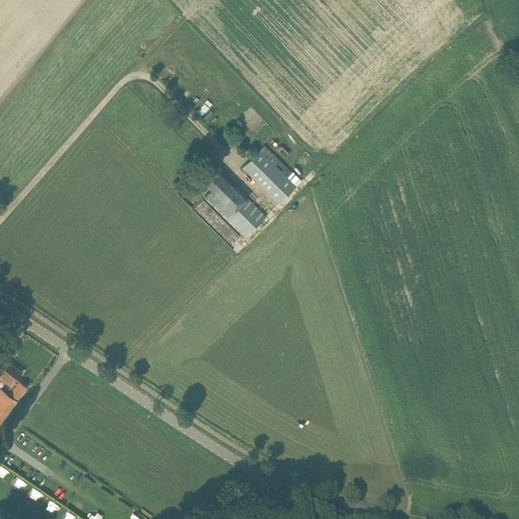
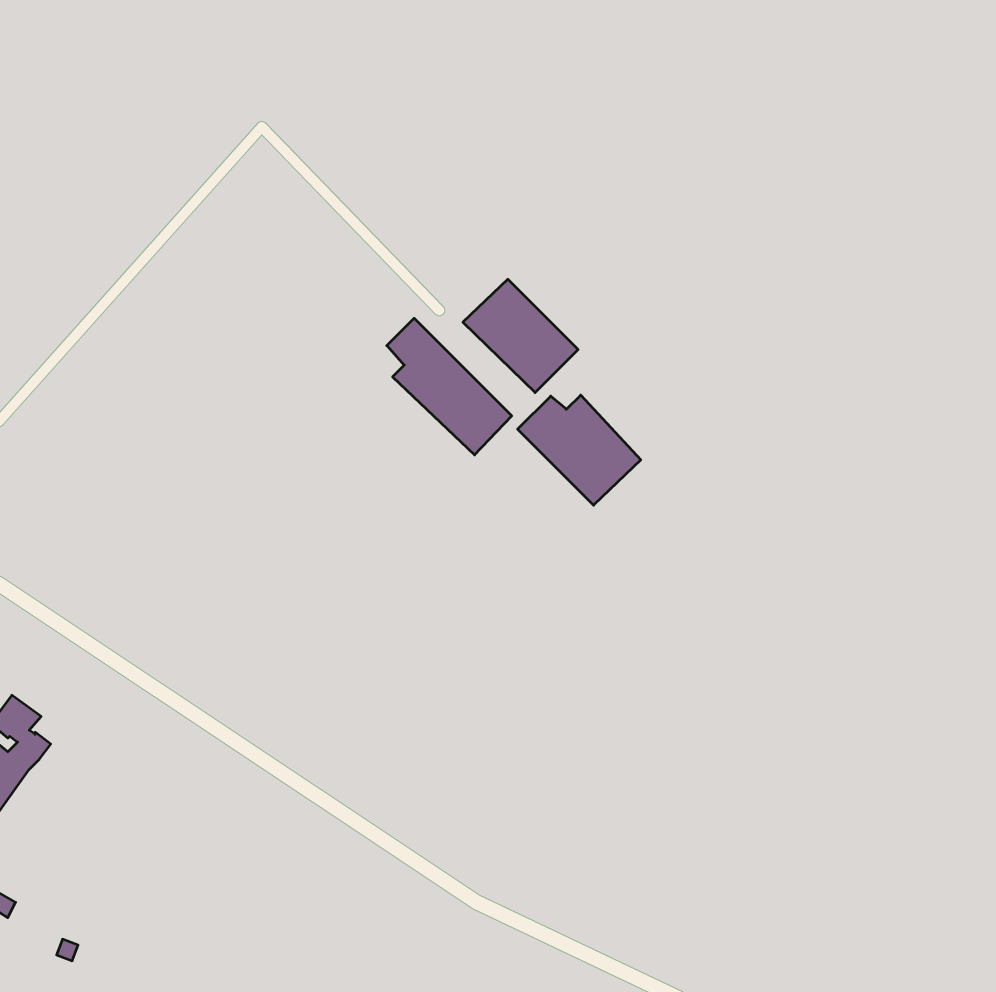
building: none -> [518,395,641,505]

